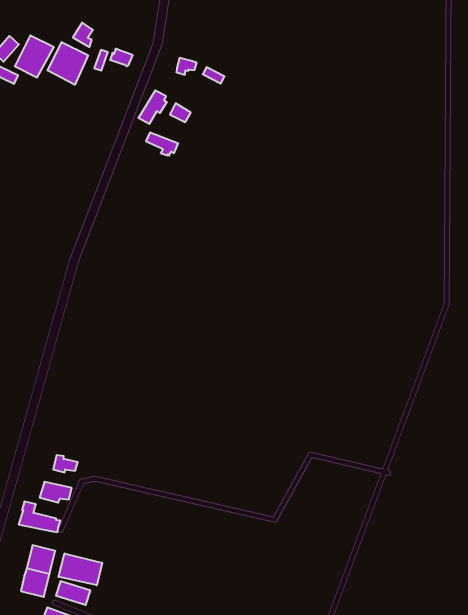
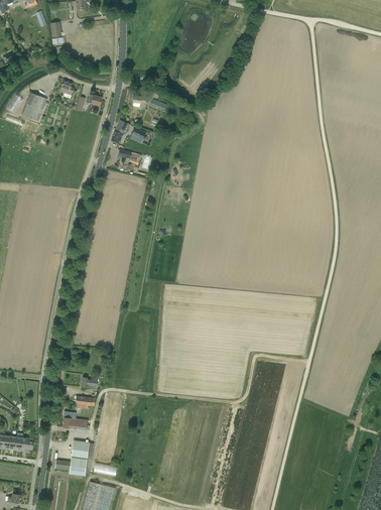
building: [47,42,88,85] -> none
building: [58,553,102,585] -> none

